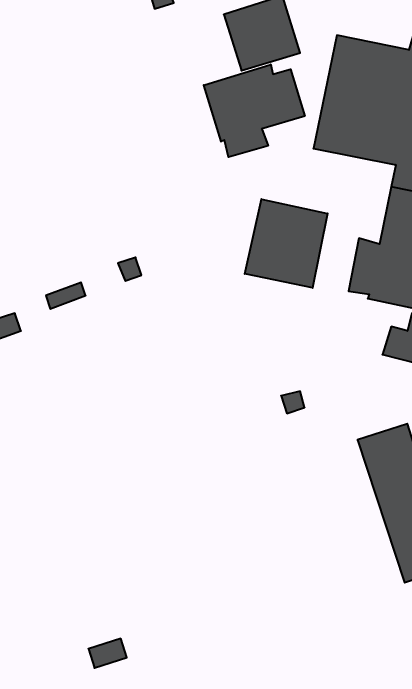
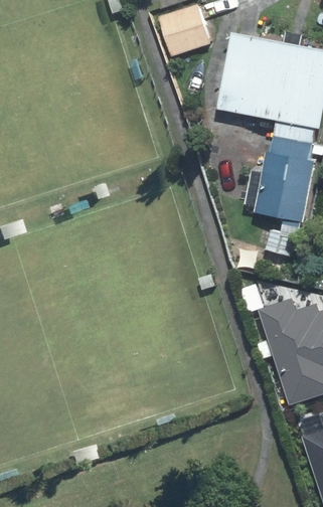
building: [204,64,305,157] -> none
building: [245,199,328,288] -> none

